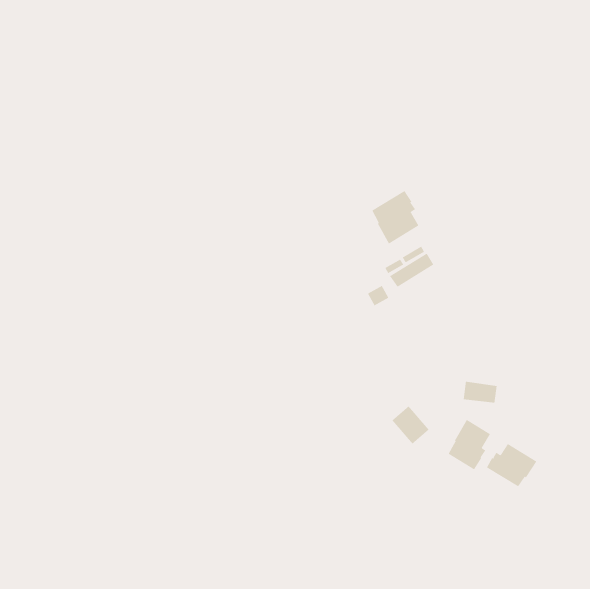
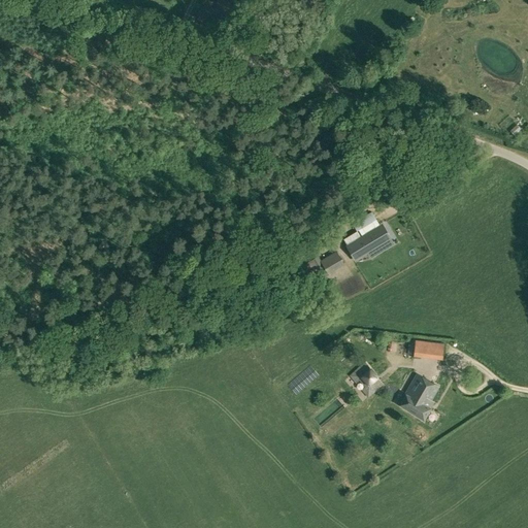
building: [371,190,419,245] -> none
building: [486,443,537,487] -> none

